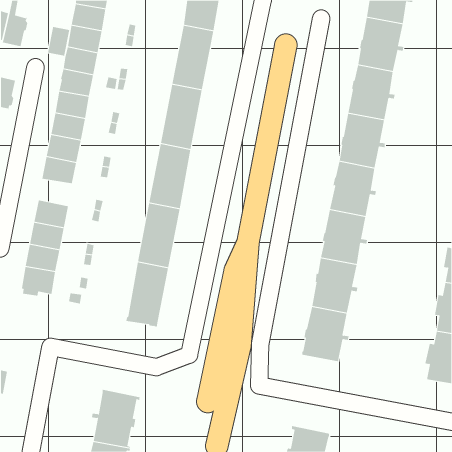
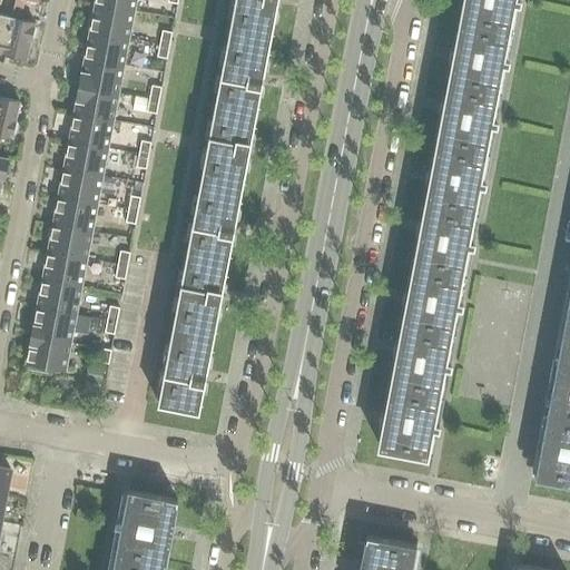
building: [47,26,70,57] -> none
building: none -> [48,225,91,259]

